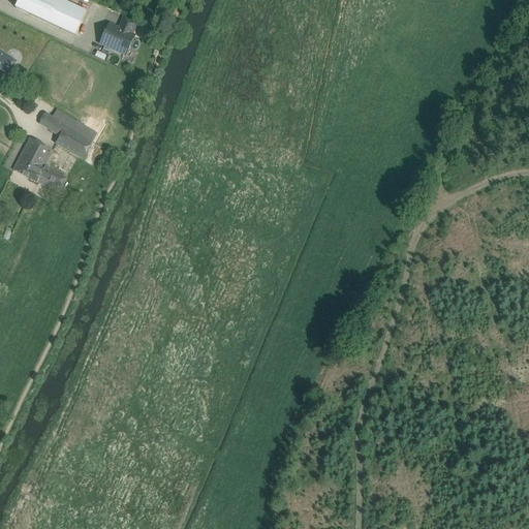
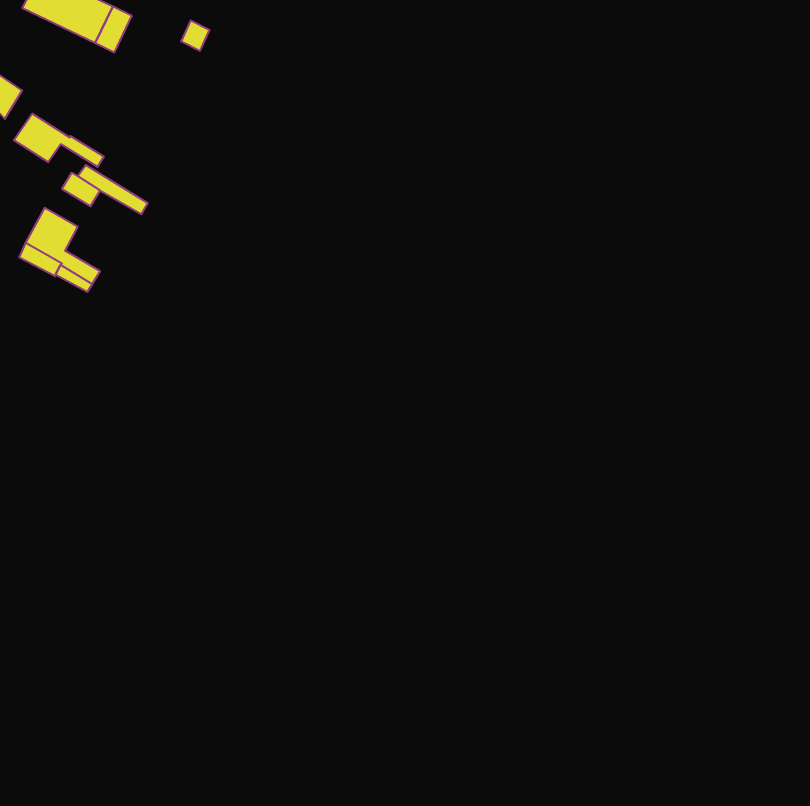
building: [102,24,131,53] -> none
building: none -> [14,114,104,167]
building: [55,124,92,157] -> none

